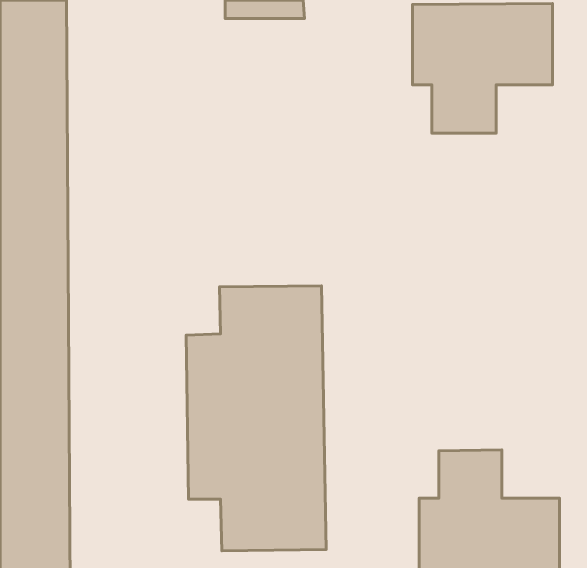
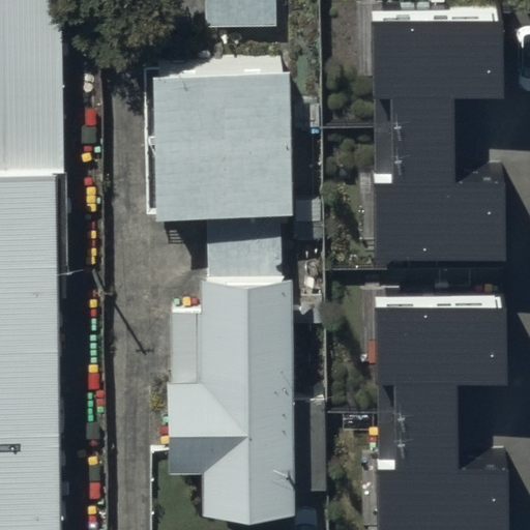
building: none -> [152,67,294,214]
building: none -> [372,137,499,253]
building: none -> [378,306,504,423]

